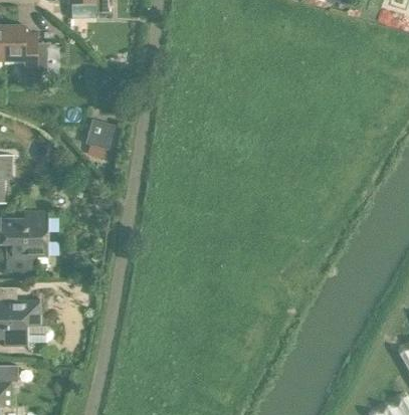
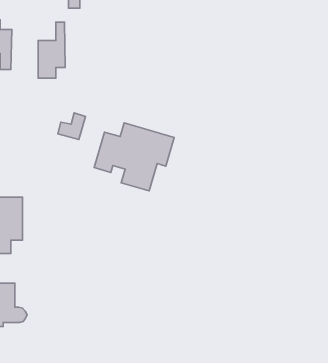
building: none -> [38,22,65,78]
building: none -> [94,123,174,191]

